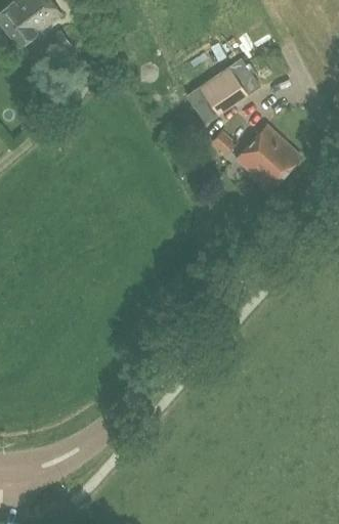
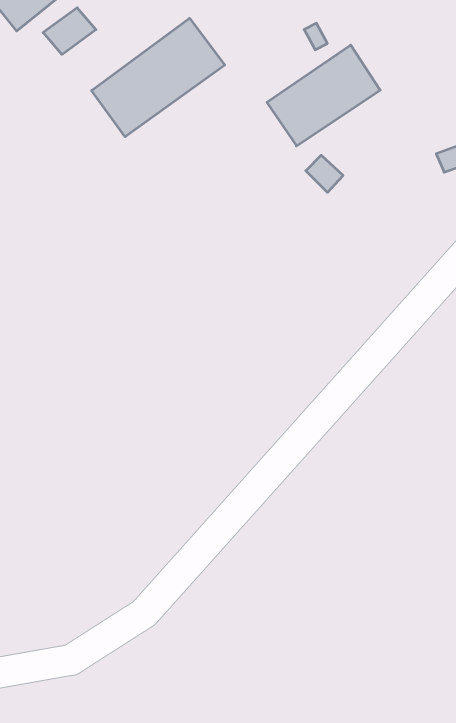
building: none -> [92,18,225,137]
building: [238,126,302,190] -> none

